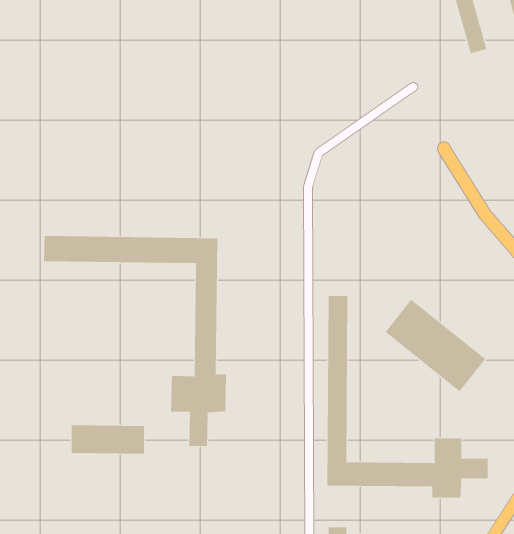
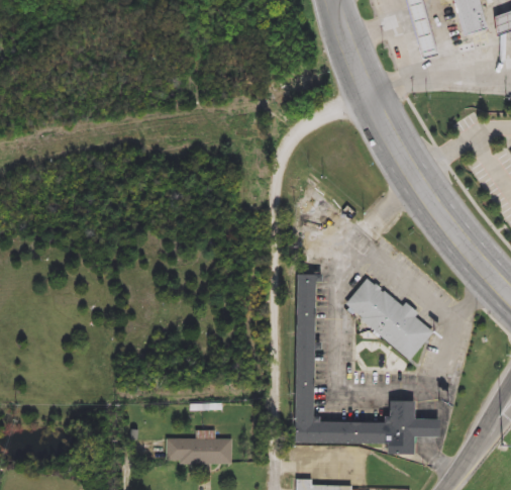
building: [43,235,227,447] -> none
building: [71,425,145,454] -> [169,437,234,464]

